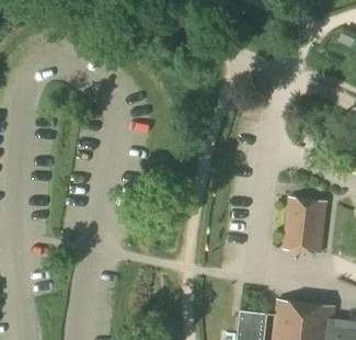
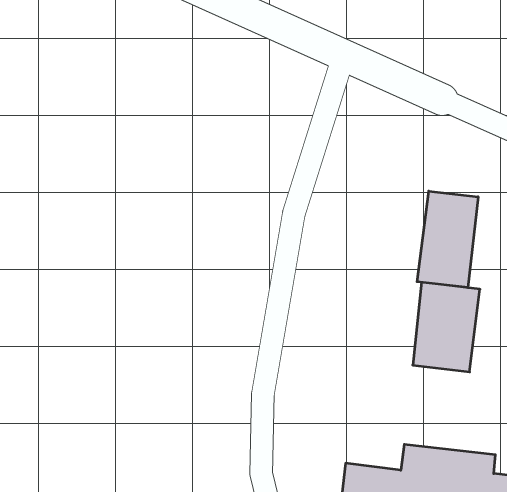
building: none -> [417,191,478,288]

